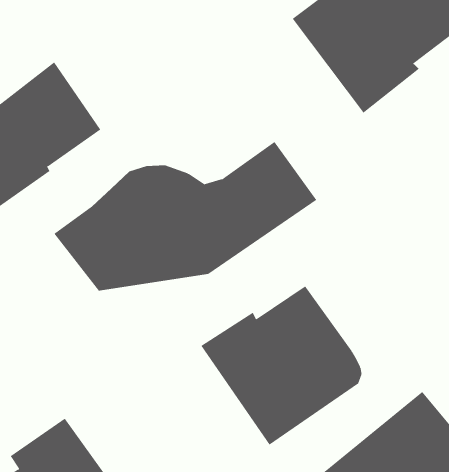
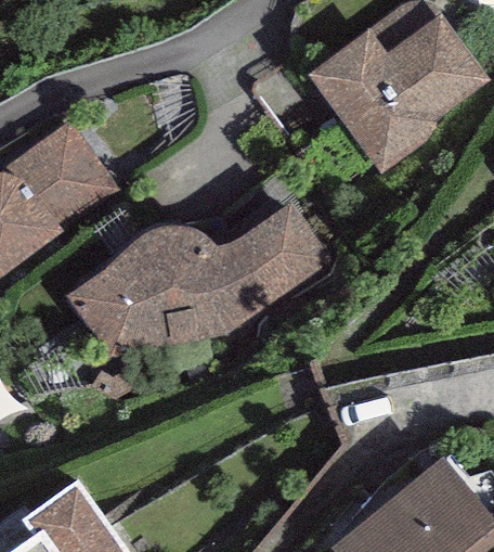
building: [201,285,362,445] -> none

